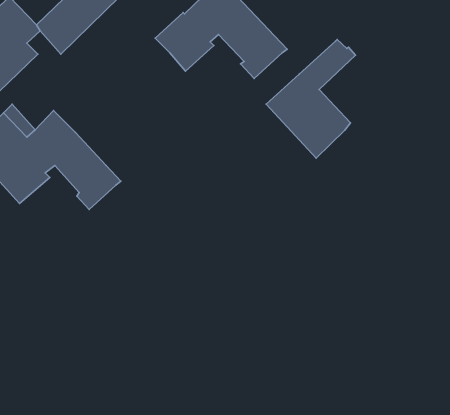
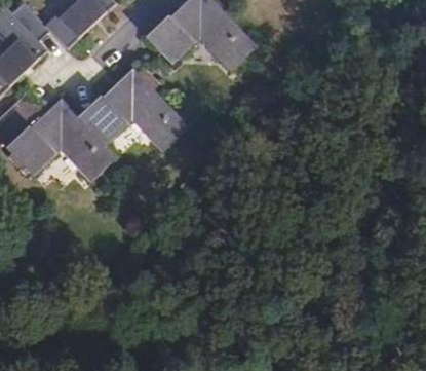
building: [266,40,356,158] -> none
building: none -> [79,67,188,151]

